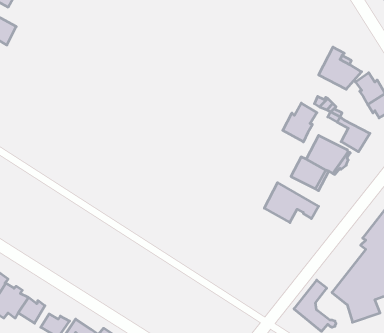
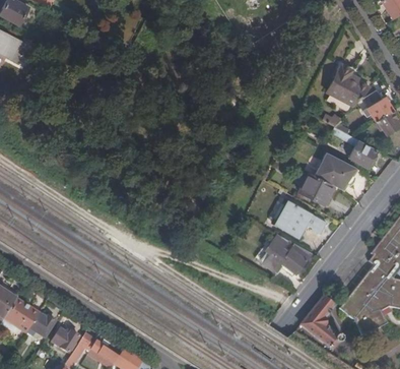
building: [283,103,317,142] -> none
building: none -> [258,233,311,273]

